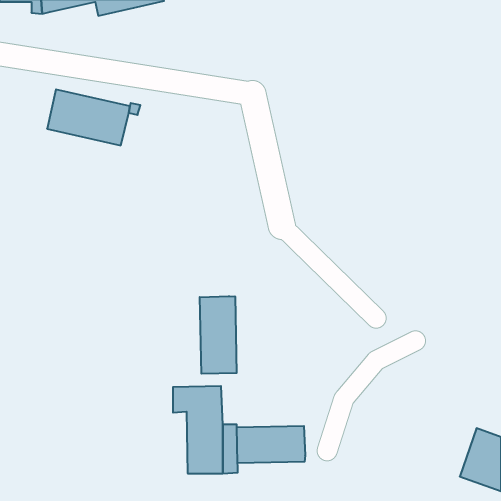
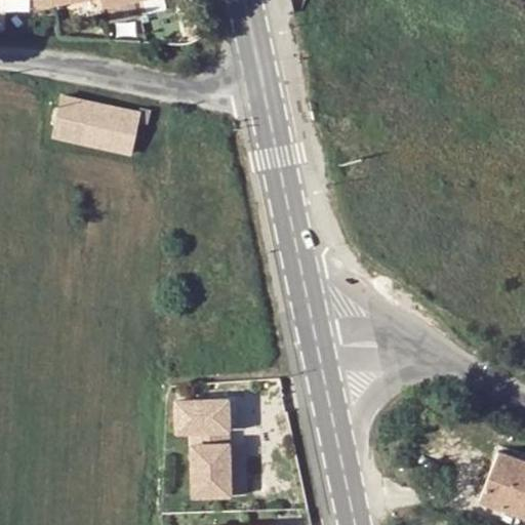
building: [200,296,237,374] -> none
building: [237,426,305,463] -> none

